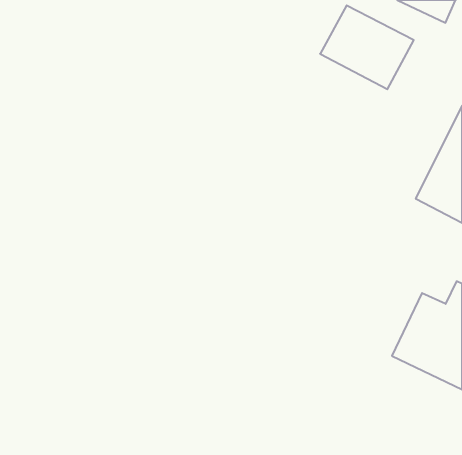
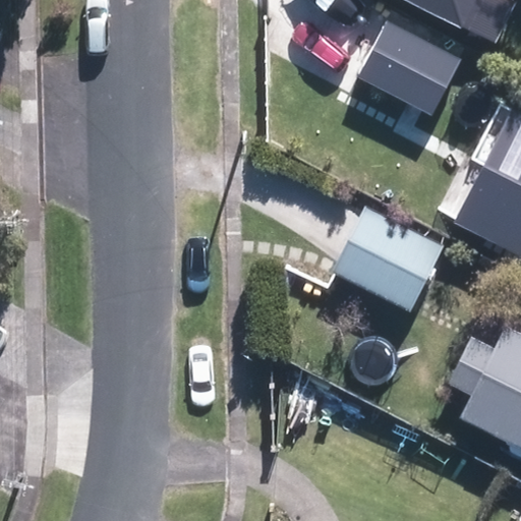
building: none -> [333,206,447,311]

